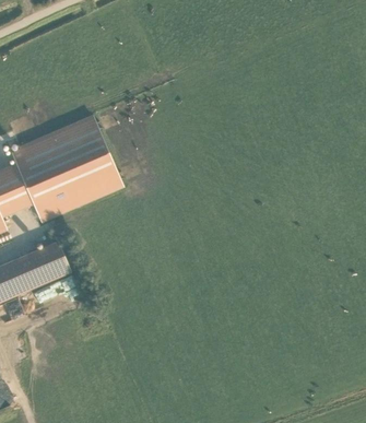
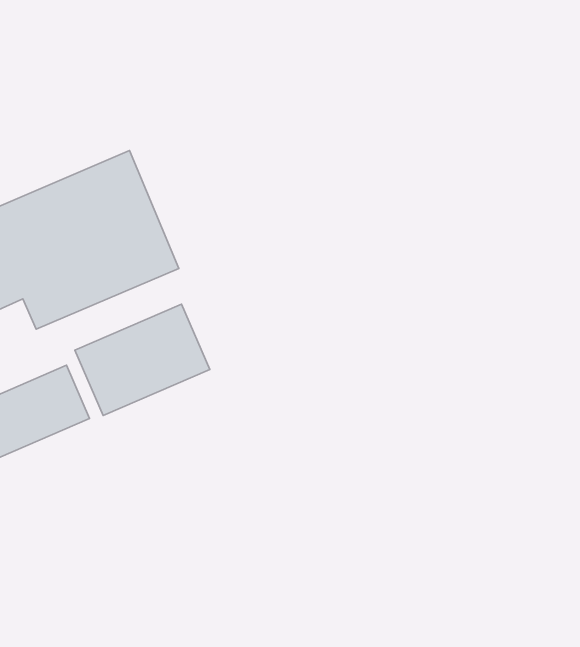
building: none -> [75,304,210,416]

